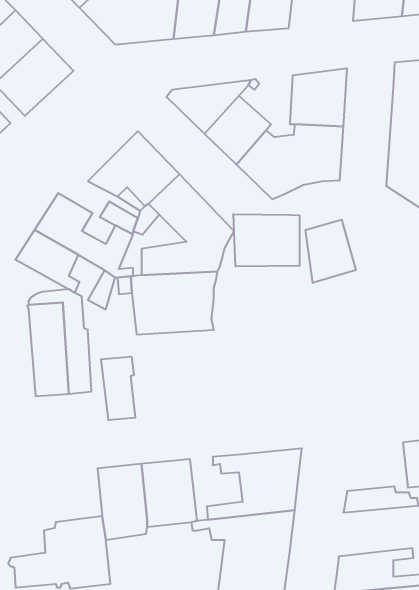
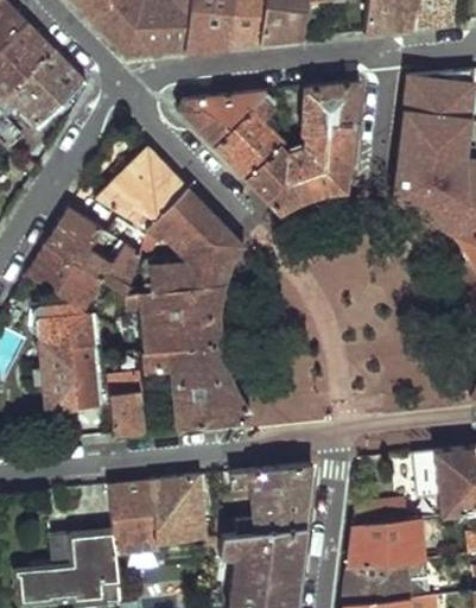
building: [233,214,299,266] -> none
building: [306,220,356,283] -> none
building: none -> [146,343,249,428]
building: none -> [348,520,421,570]

